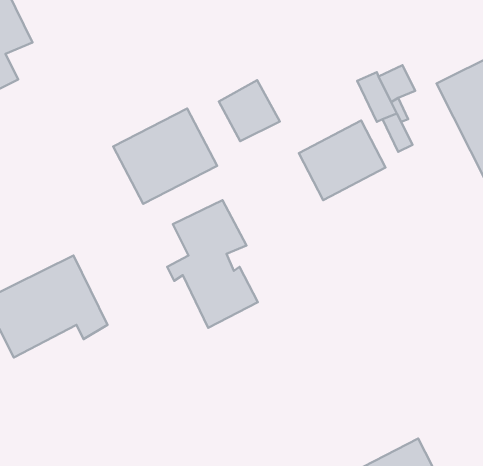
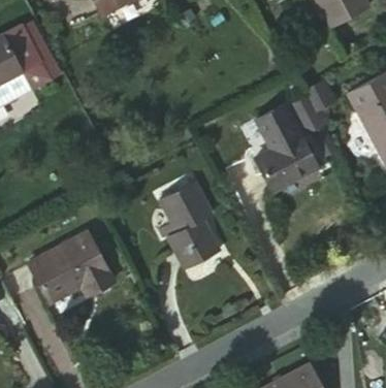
building: [219,80,280,141] -> [250,98,294,142]
building: [113,108,217,204] -> none

